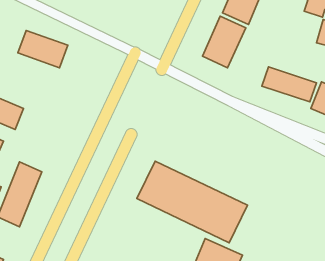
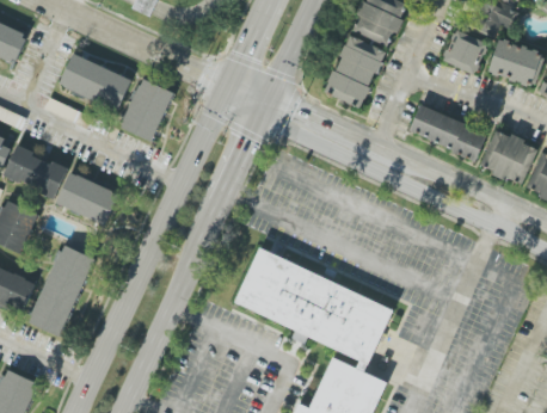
building: none -> [443,31,488,74]
building: none -> [121,79,176,142]
building: none -> [57,173,119,224]

